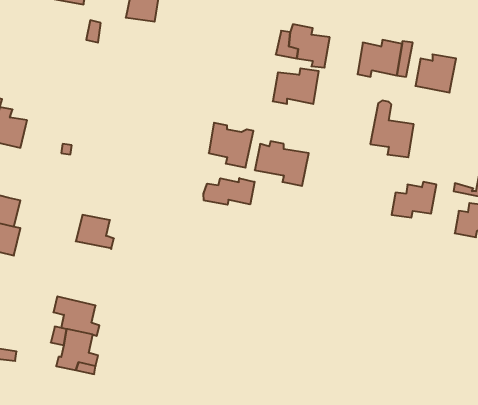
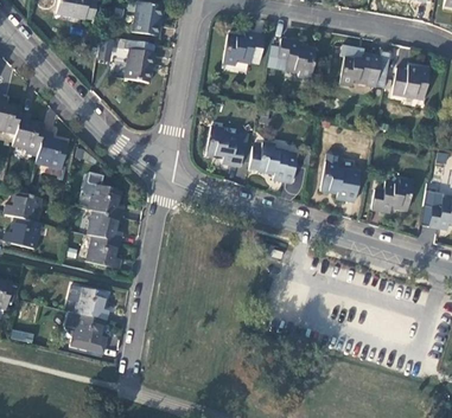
building: none -> [125,39,155,83]
building: [273,68,319,104] -> [223,32,265,64]
building: [370,101,414,157] -> [322,150,361,201]
building: none -> [34,129,66,167]
building: none -> [82,169,123,216]
building: [204,178,255,205] -> none
building: none -> [87,234,121,268]

